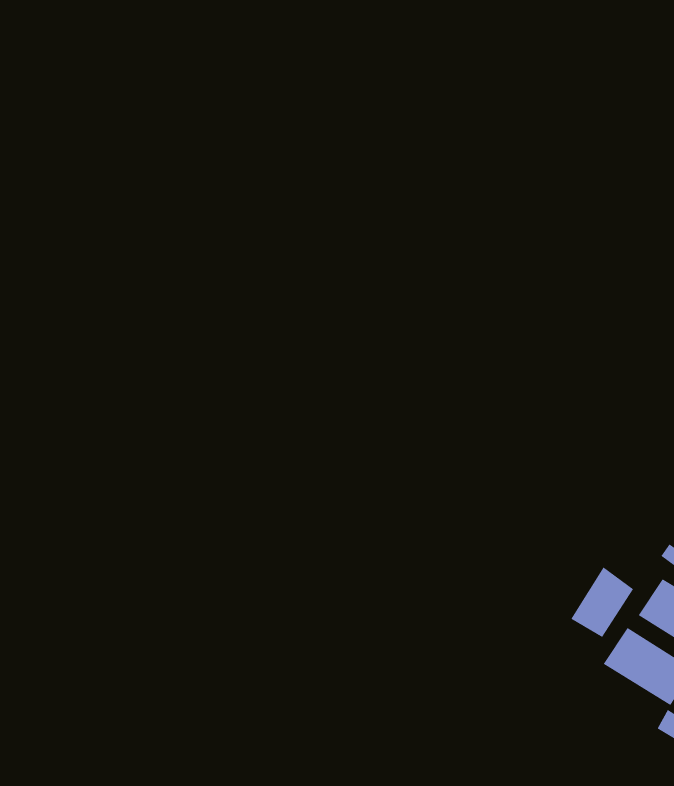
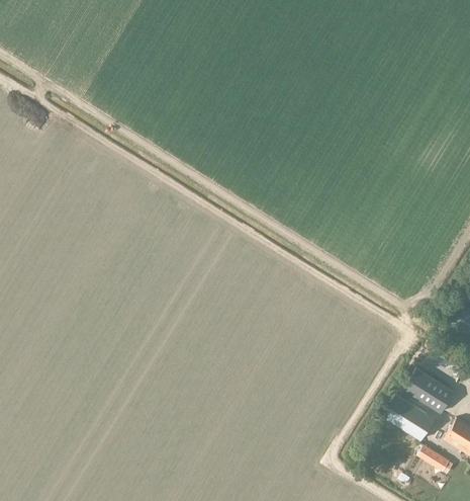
building: [570,567,634,638] -> none

